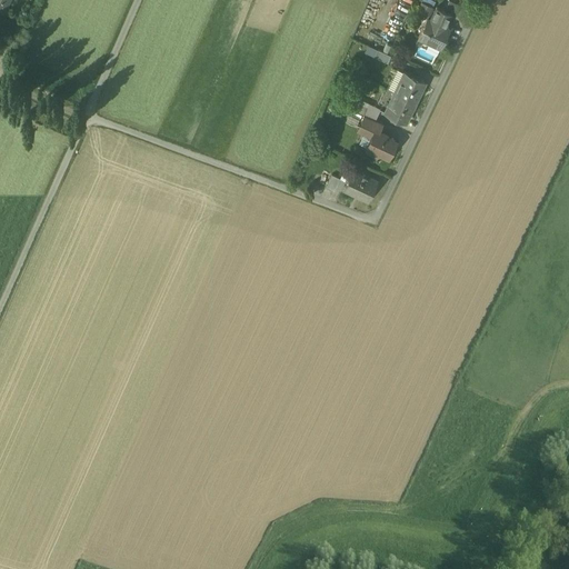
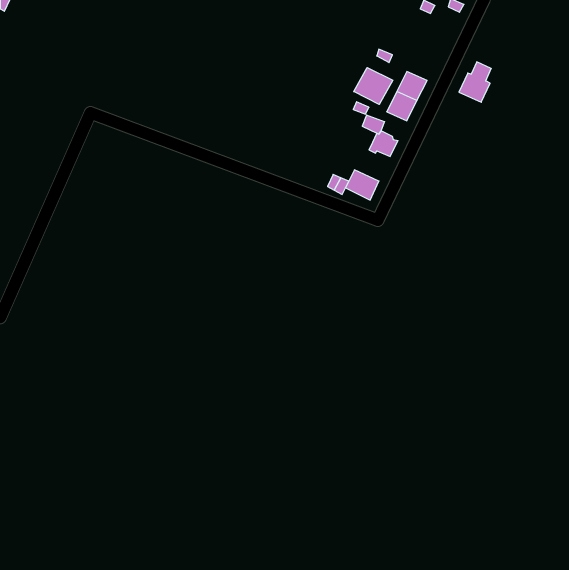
building: [420,6,452,46] -> [459,62,491,102]
building: none -> [354,68,393,104]

